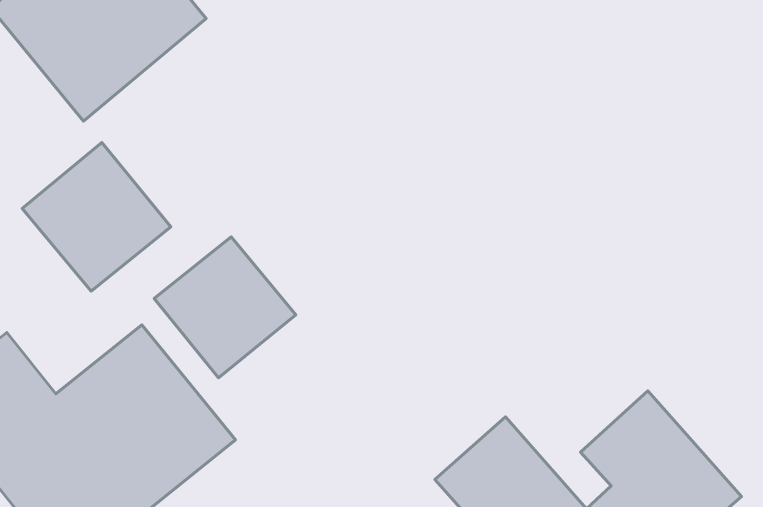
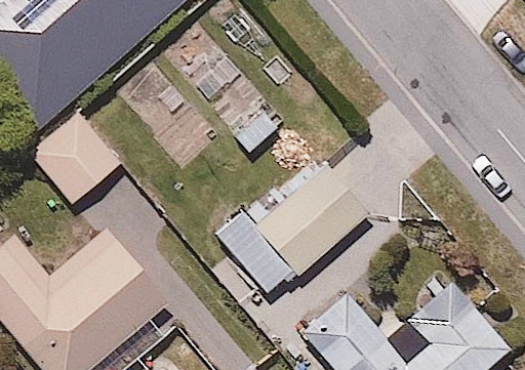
building: none -> [219,158,366,295]
building: [154,237,296,378] -> none

